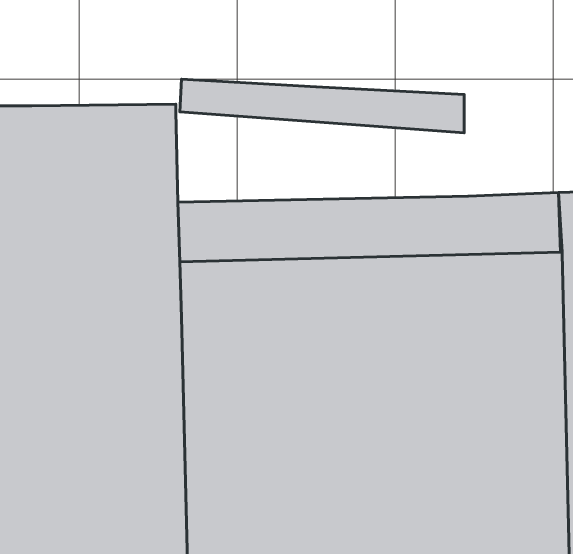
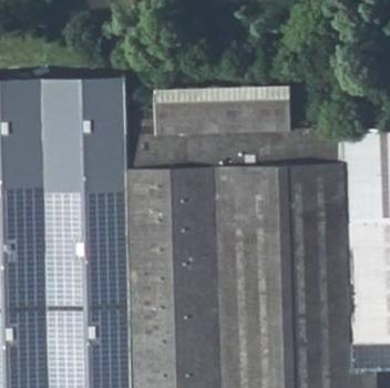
building: none -> [124,95,292,147]

